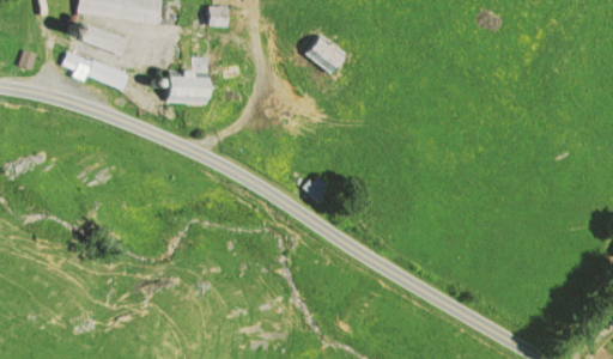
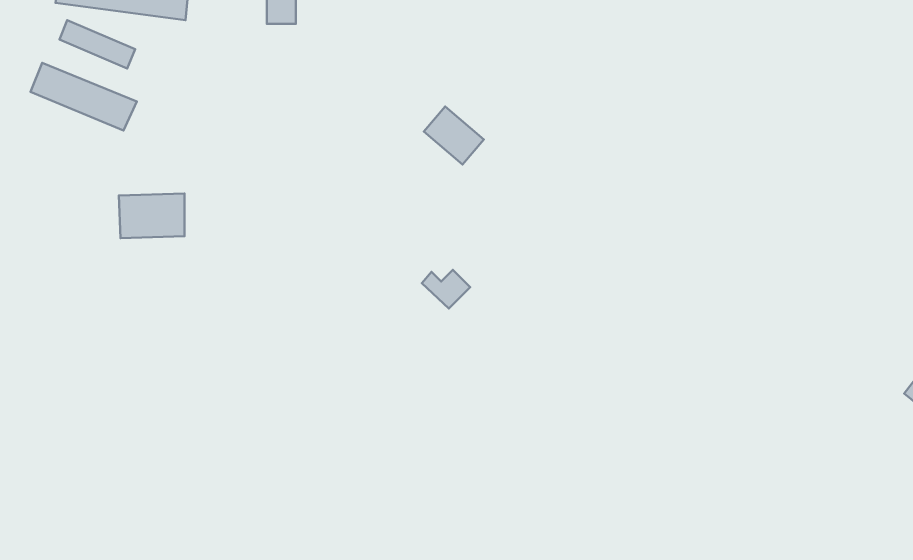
building: [306,35,344,71] -> [424,106,484,165]
building: [165,74,206,102] -> [119,194,185,238]

